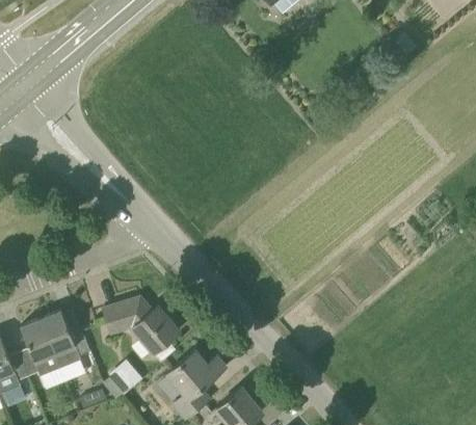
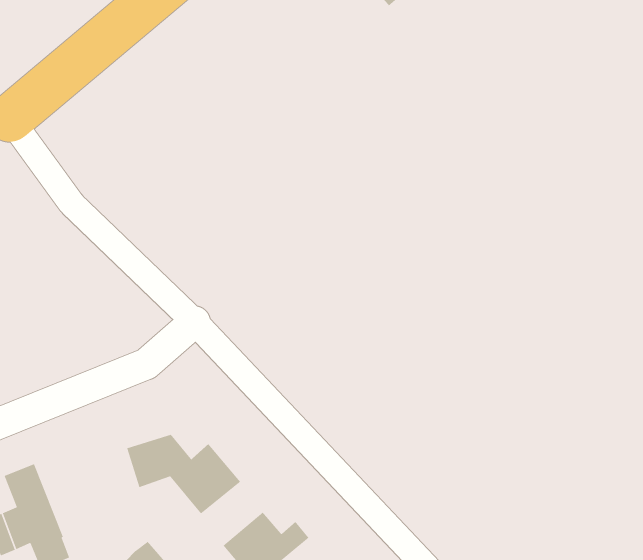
building: [42,310,90,368] -> none

